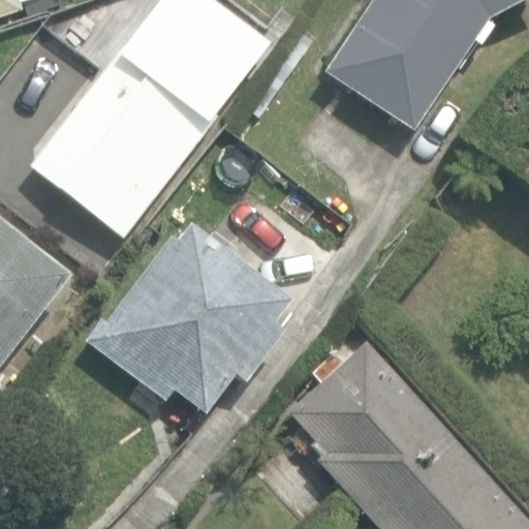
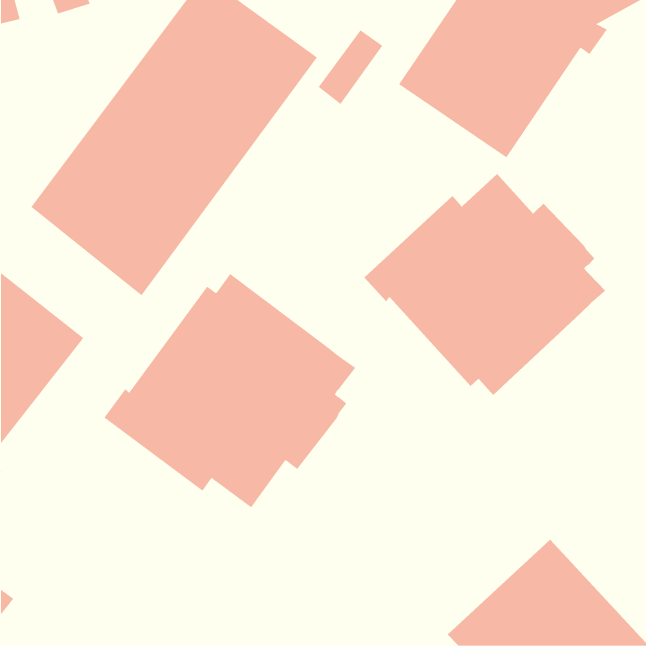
building: none -> [363,173,606,396]
building: [291,344,450,514] -> none

